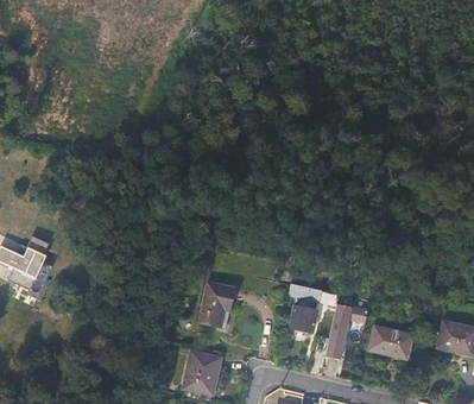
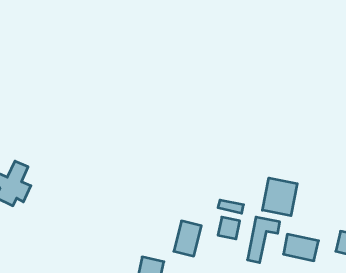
building: none -> [262,178,297,216]
building: [198,284,233,328] -> [174,221,201,256]

